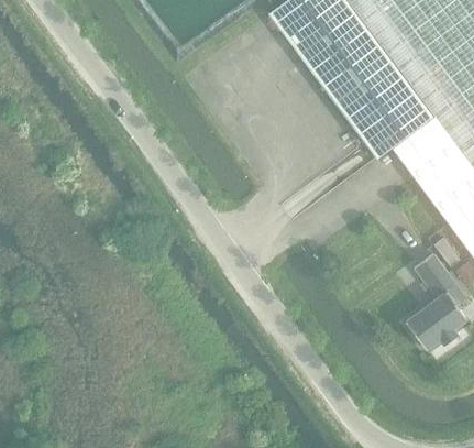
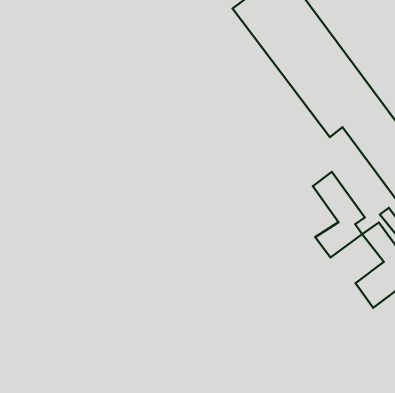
building: none -> [313,172,365,257]

